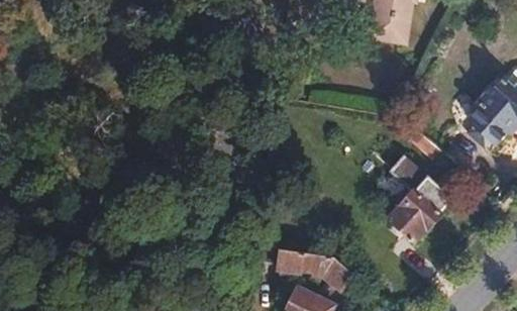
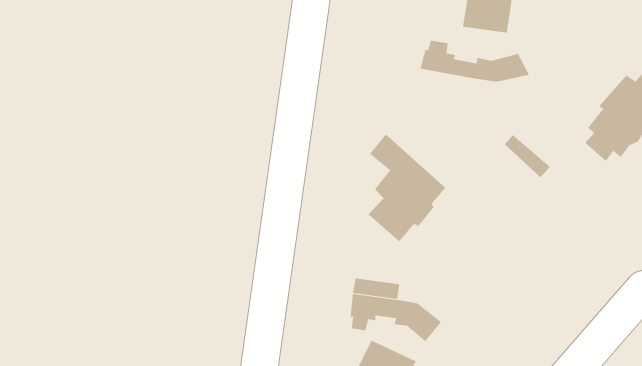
building: none -> [420,40,530,83]
building: [389,156,451,242] -> [368,134,446,242]

